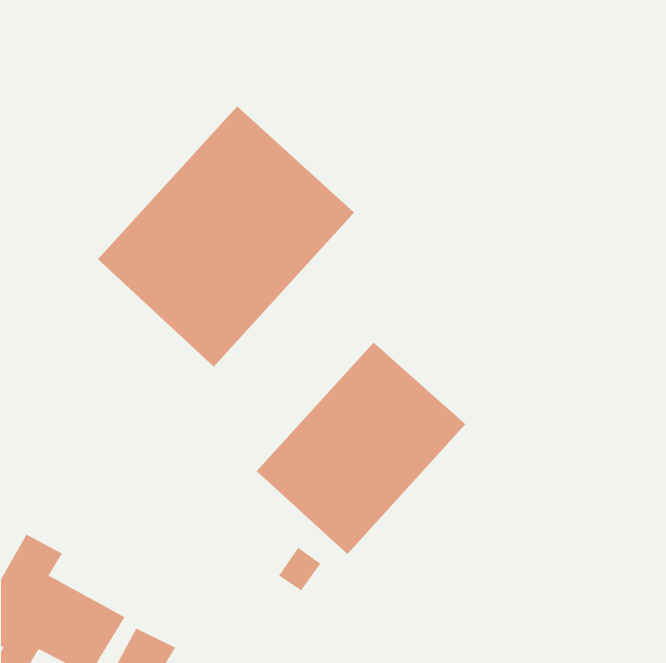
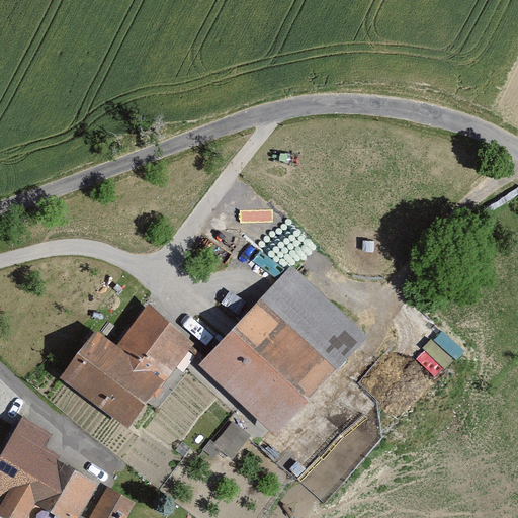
building: [97,106,355,367] -> none
building: none -> [63,305,194,428]

